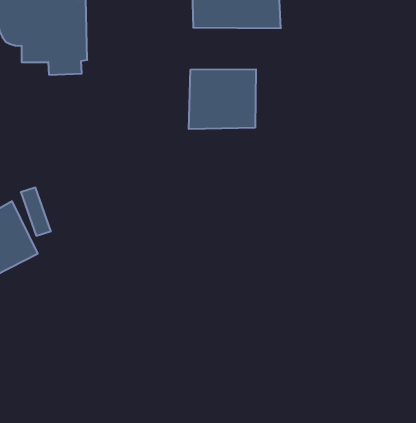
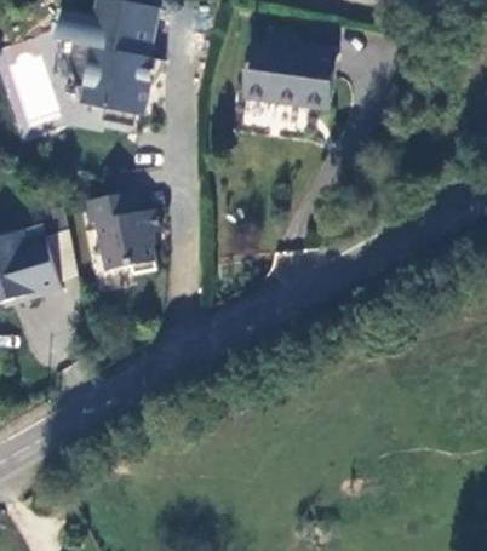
building: [189,69,256,129] -> none
building: none -> [86,189,161,272]

